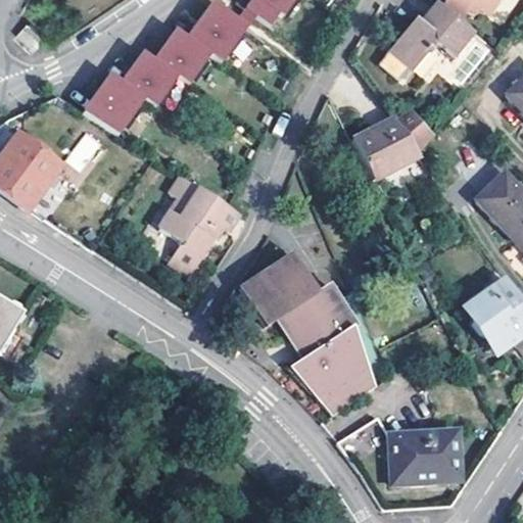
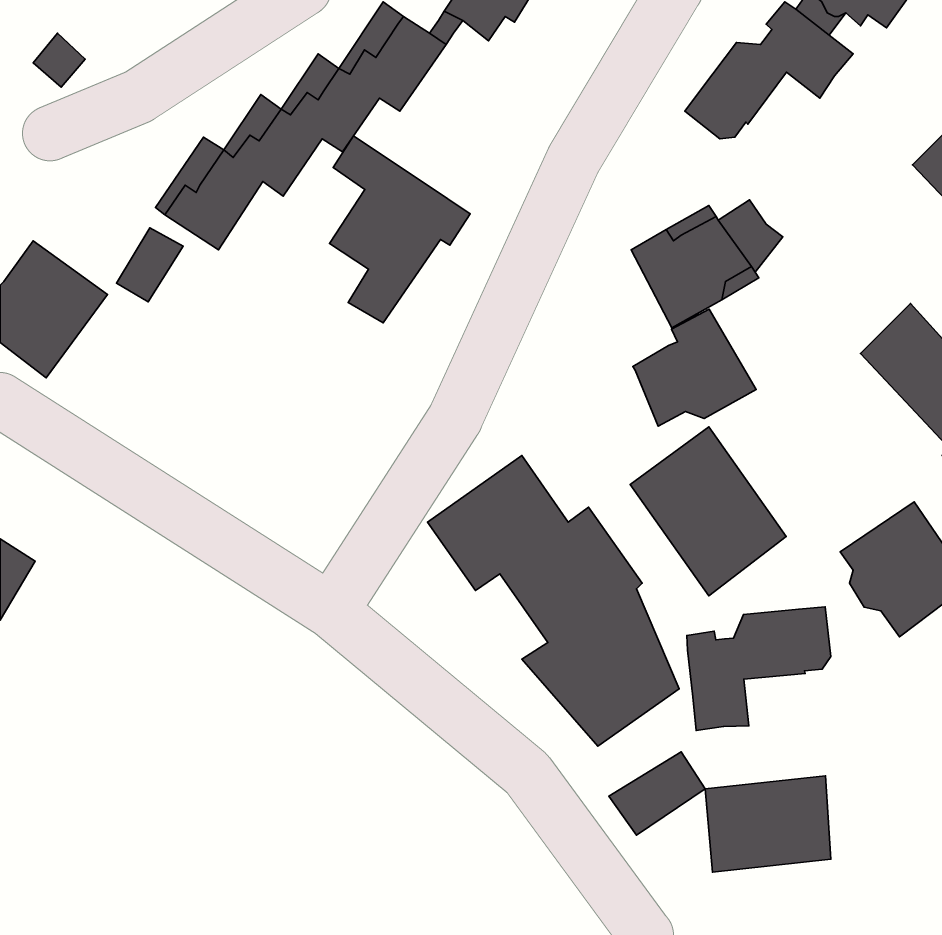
building: [158,168,236,271] -> [330,136,470,323]
building: none -> [633,309,756,426]
building: none -> [630,427,786,596]
building: none -> [687,607,831,731]

